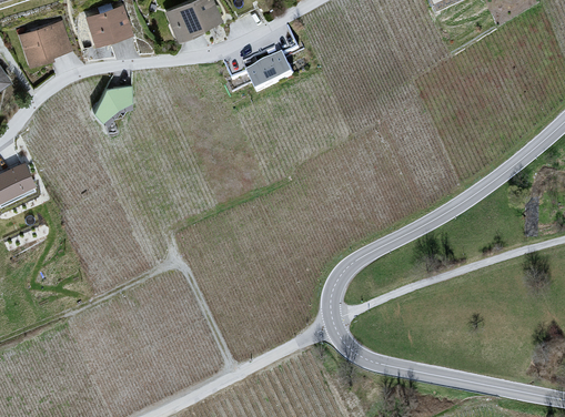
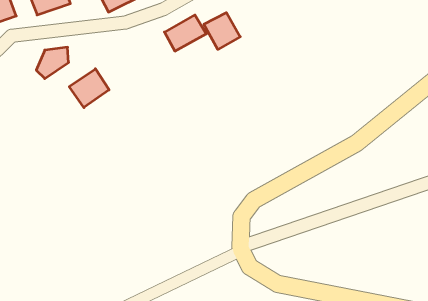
building: none -> [204,13,240,49]
building: none -> [69,69,109,108]

